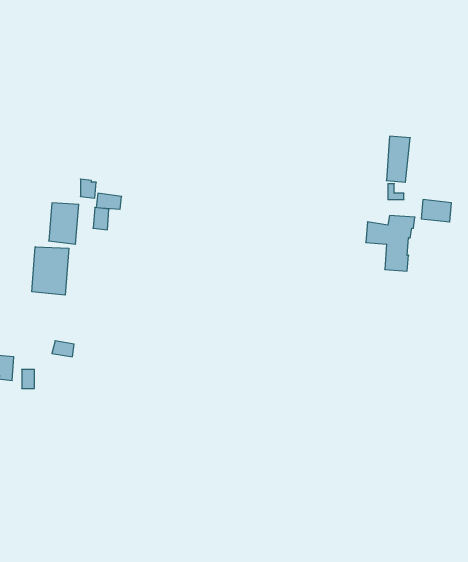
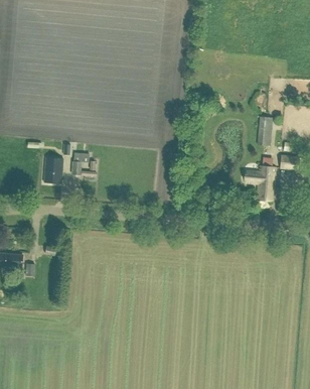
building: [32,247,69,295] -> none

